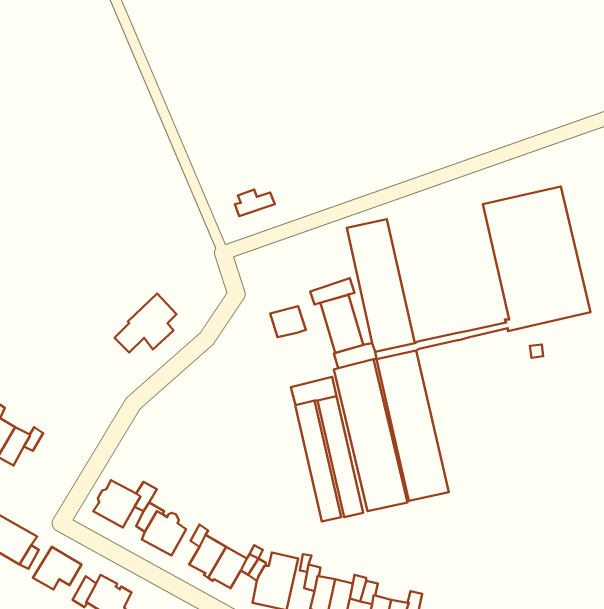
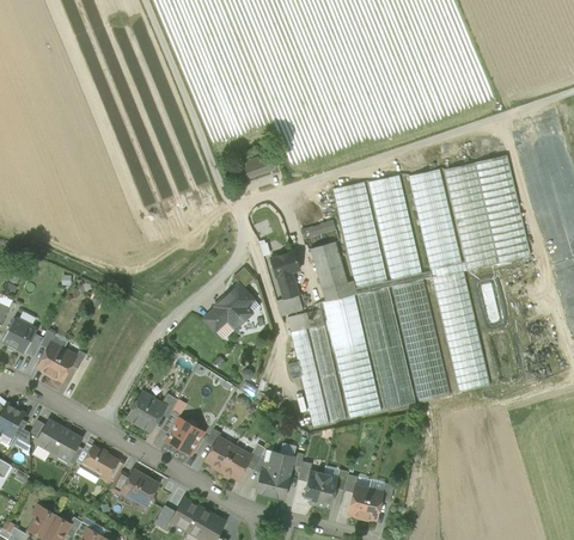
building: none -> [408,168,462,271]
building: none -> [367,174,422,280]
building: [115,294,176,353] -> [203,283,254,331]
building: none -> [432,269,489,392]
building: none -> [276,272,303,315]
building: none -> [391,278,450,401]

